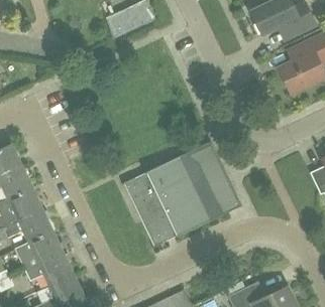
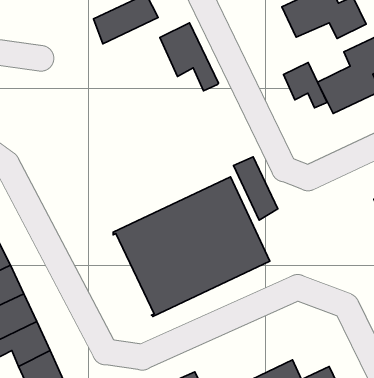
building: none -> [160,23,218,91]
building: none -> [284,62,327,108]
building: none -> [233,157,278,220]

